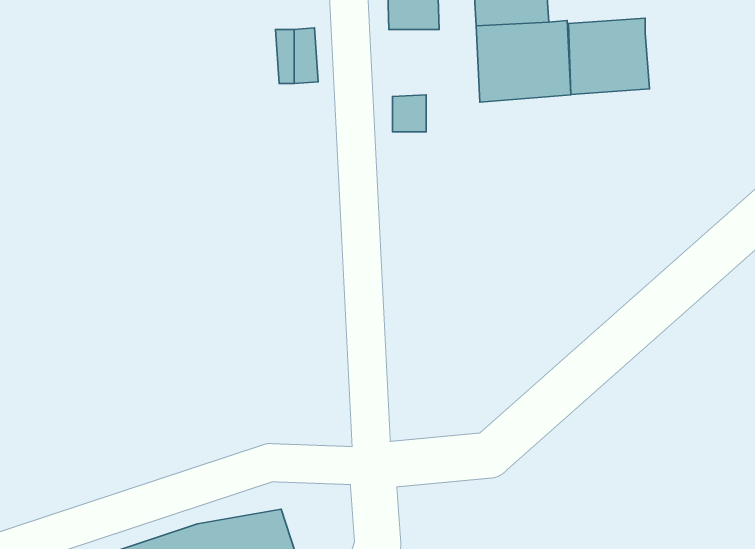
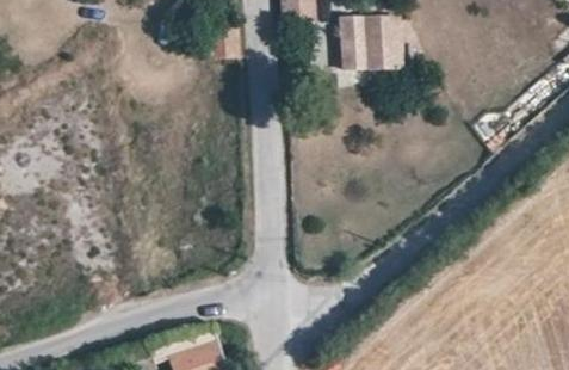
building: [569,18,649,94] -> none

